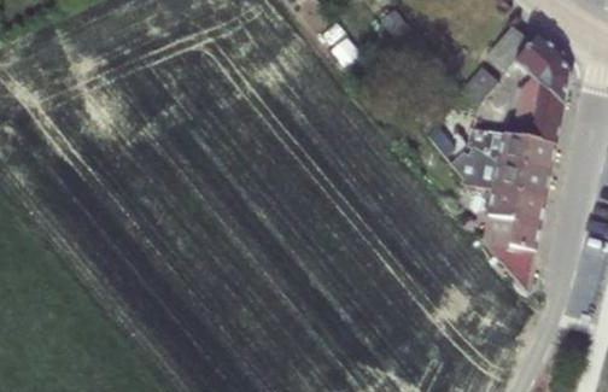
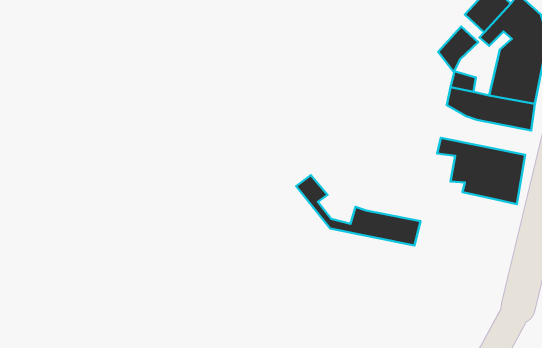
building: [427,123,551,193] -> [296,175,421,245]
building: [496,236,537,292] -> none

